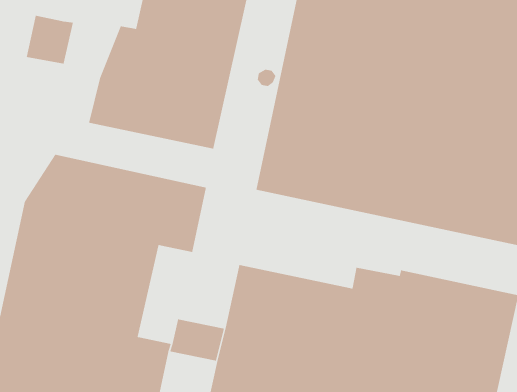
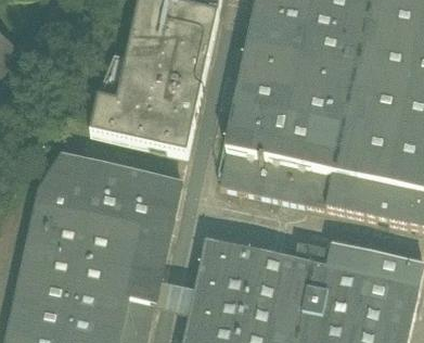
building: [26,15,74,65] -> none
building: none -> [128,227,170,303]

